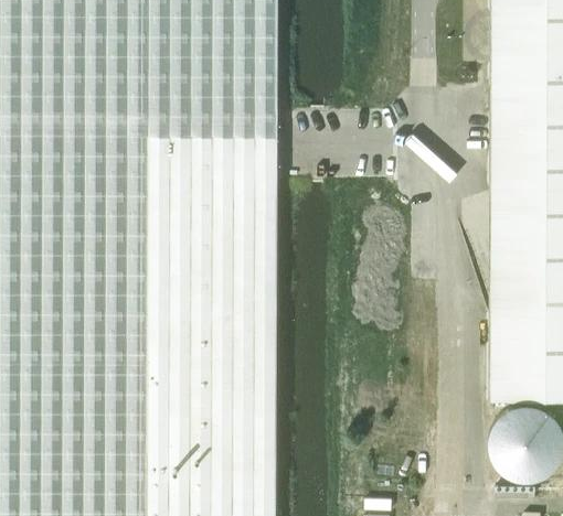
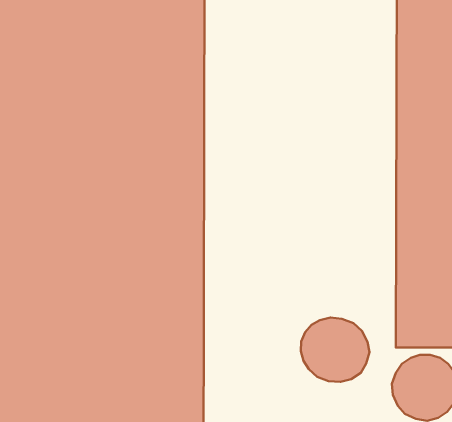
building: none -> [301,317,369,382]

